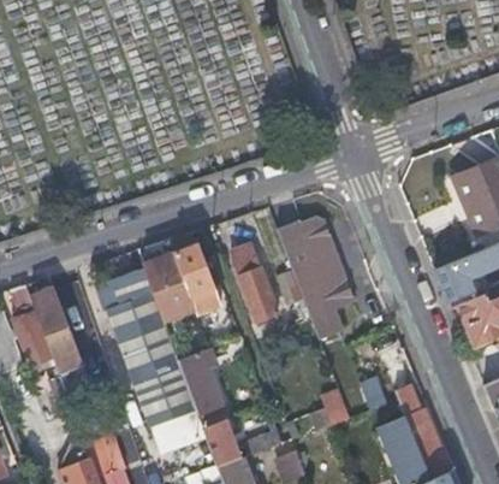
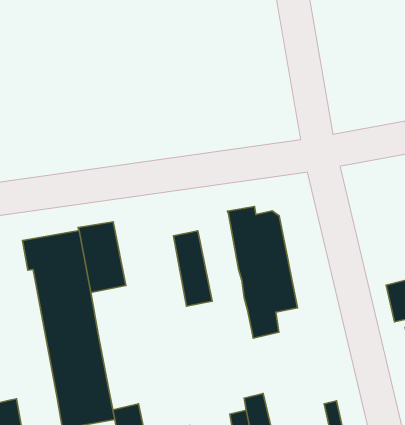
building: [167,232,213,313] -> none
building: [177,350,226,427] -> none

